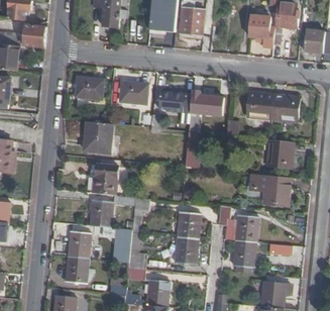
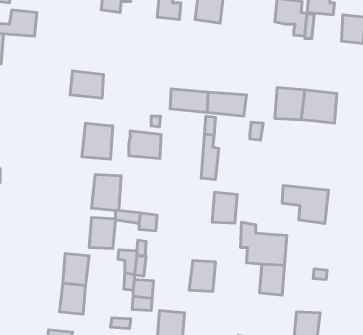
building: [119,81,146,104] -> [129,131,161,158]
building: [265,138,294,169] -> none
building: [178,212,199,238] -> [212,192,237,223]

